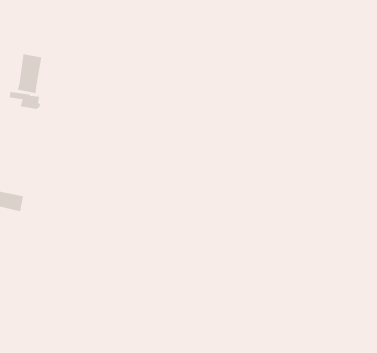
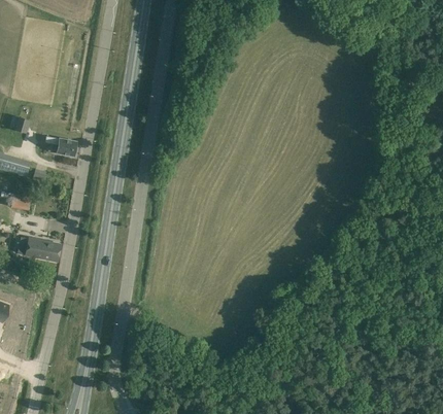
building: [17,53,42,94] -> none

